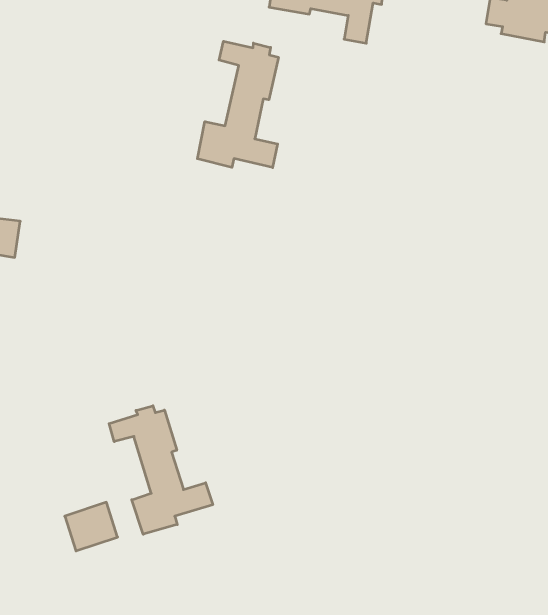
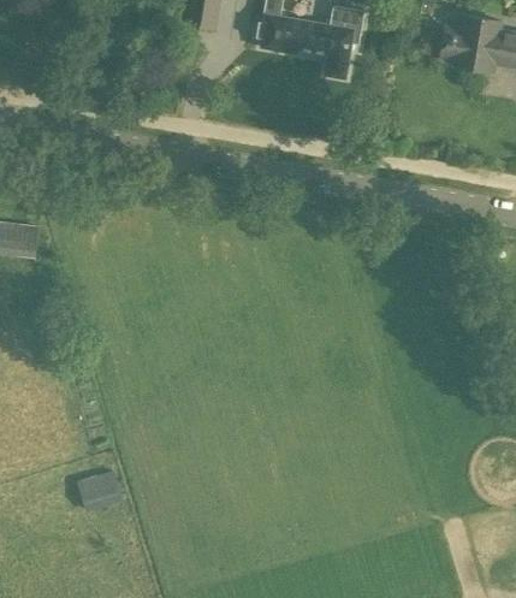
building: [197,41,278,168] -> none
building: [109,406,213,534] -> none

